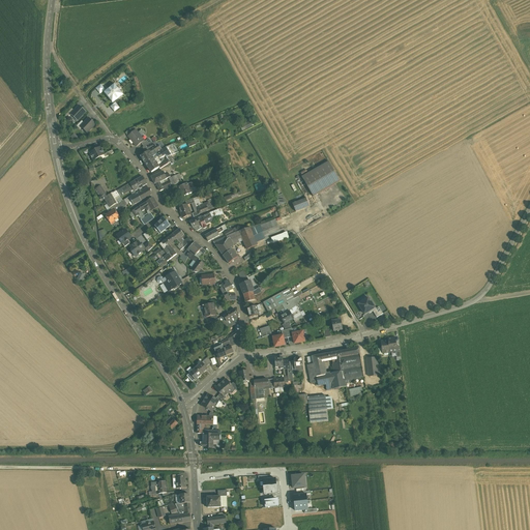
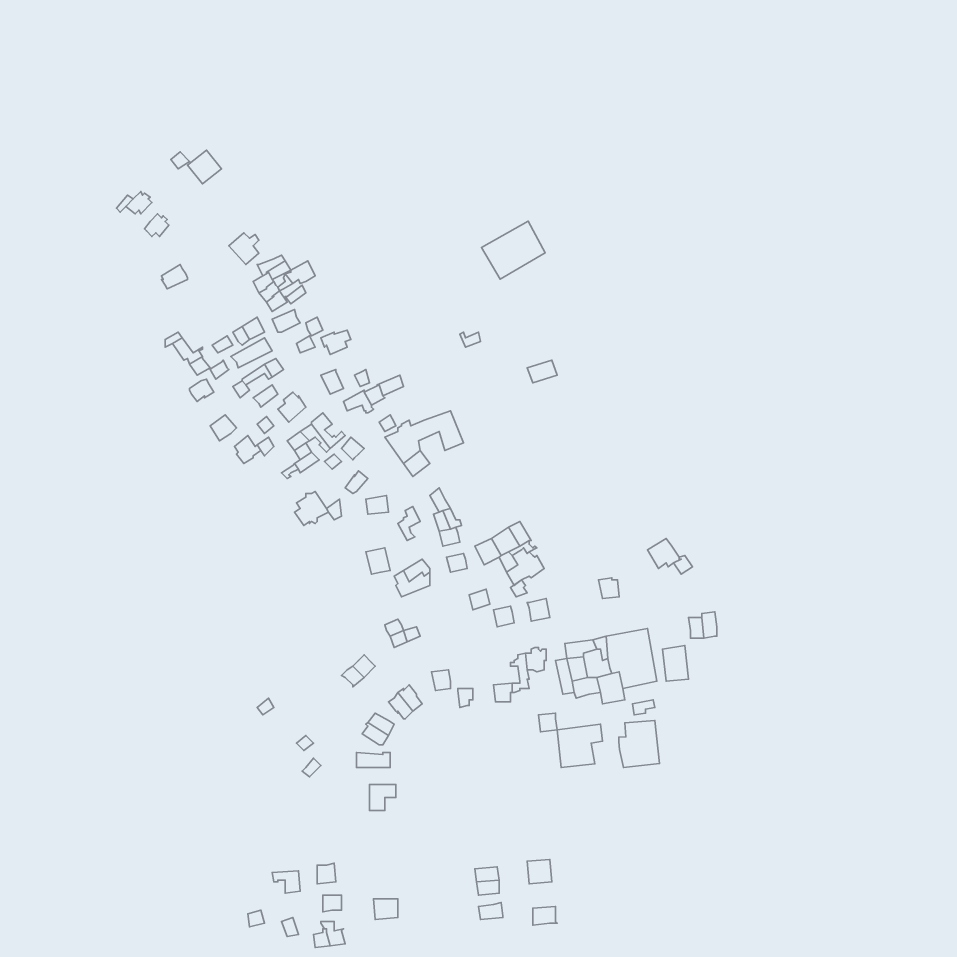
building: [302,164,337,196] -> [481,221,545,279]
building: none -> [619,720,660,767]

